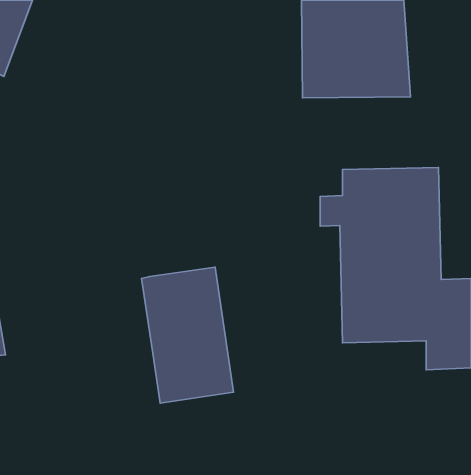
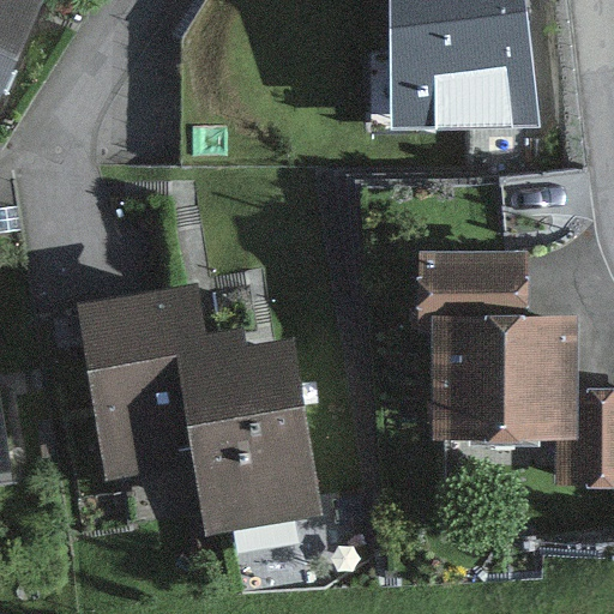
building: none -> [83,295,197,466]

